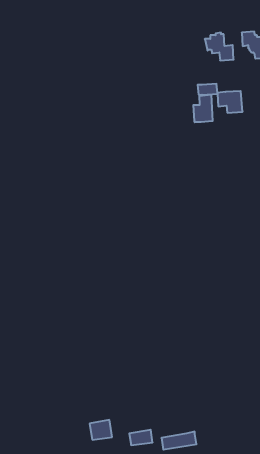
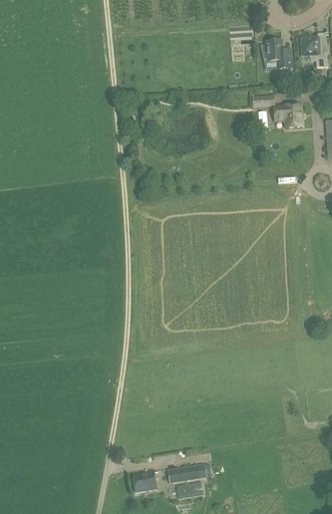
building: [193,95,213,122] -> none
building: [161,432,197,450] -> [168,462,207,482]

